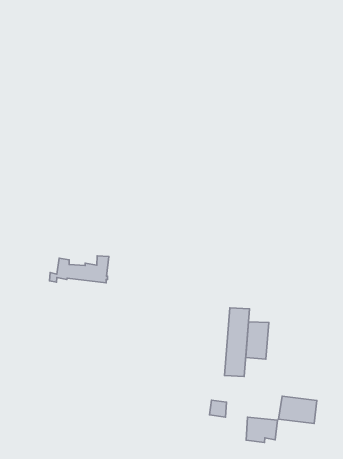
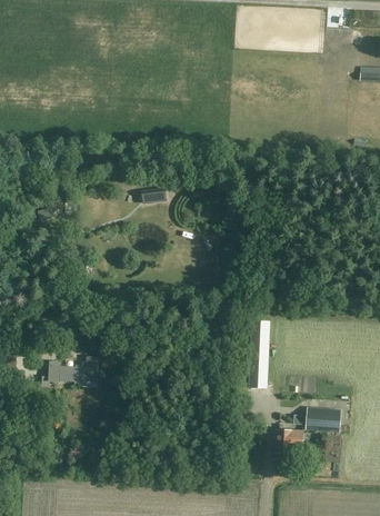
building: [50,256,109,283] -> [42,357,98,385]
building: [246,322,269,359] -> none

